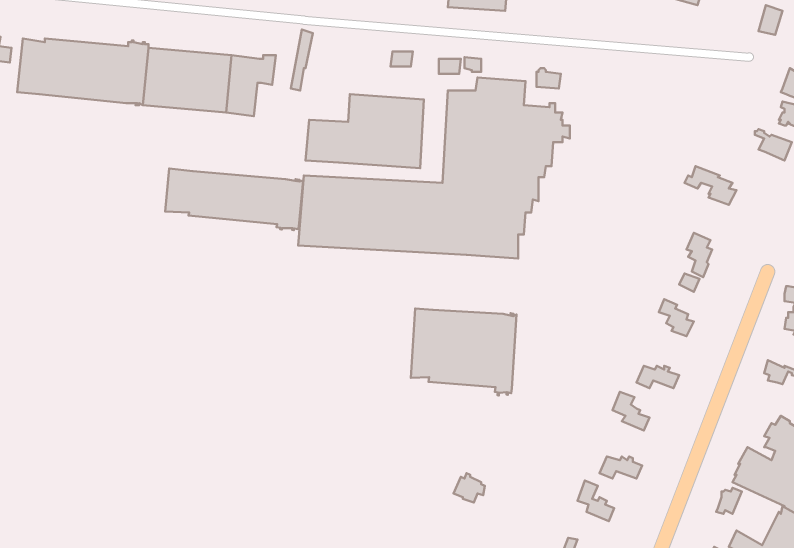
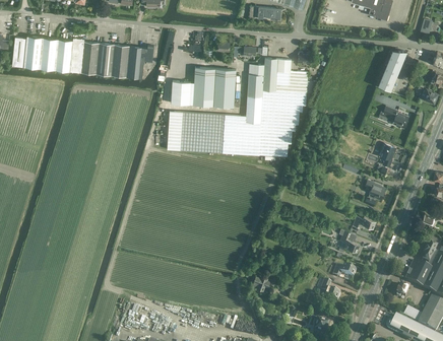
building: none -> [379,50,405,88]
building: [165,169,303,230] -> none
building: [411,308,516,395] -> none

